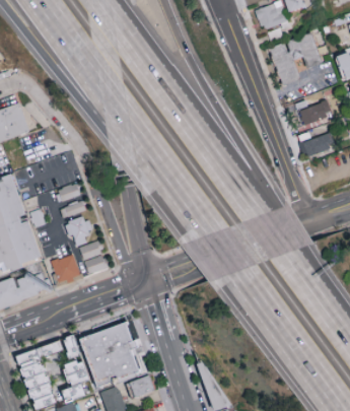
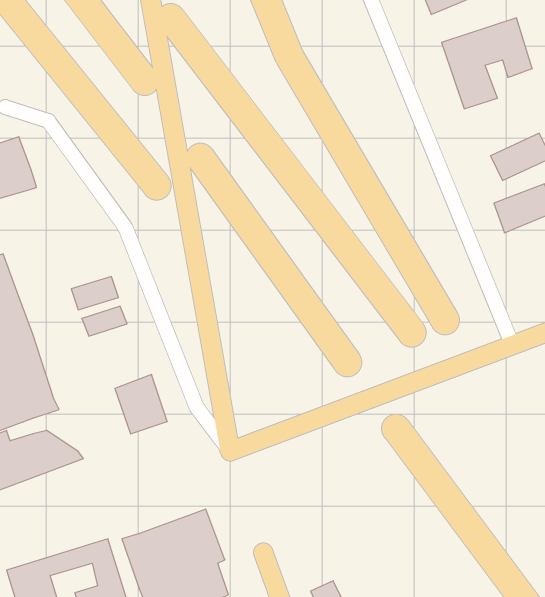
building: [66,217,92,246] -> none
building: [52,255,80,284] -> none

